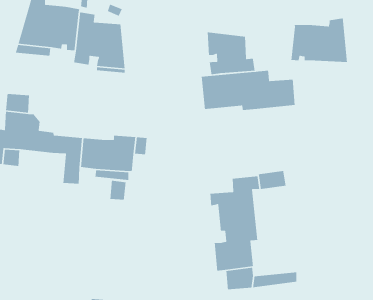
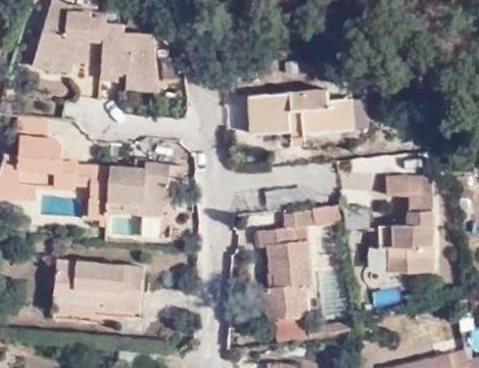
building: [290,17,348,63] -> none
building: [207,32,255,75] -> none
building: none -> [379,175,433,271]
building: none -> [51,261,143,322]

